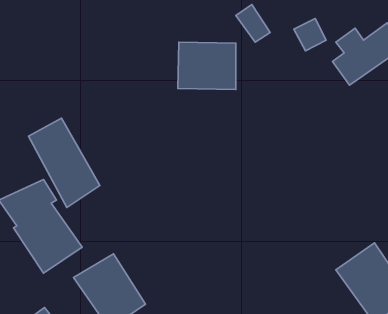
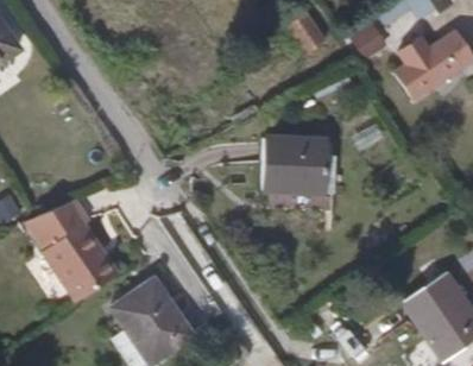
building: [178,42,236,89] -> [264,140,328,193]
building: [28,118,100,208] -> none

